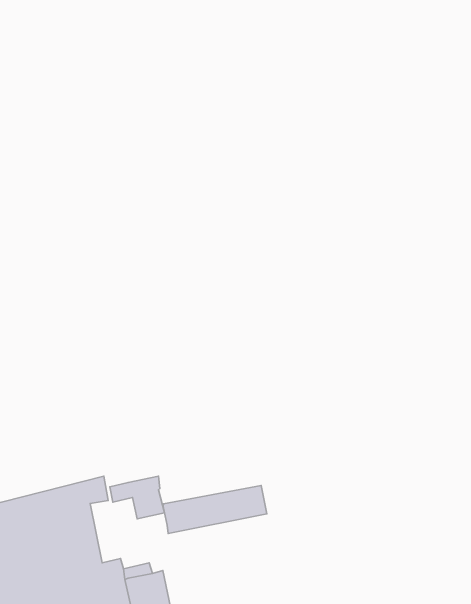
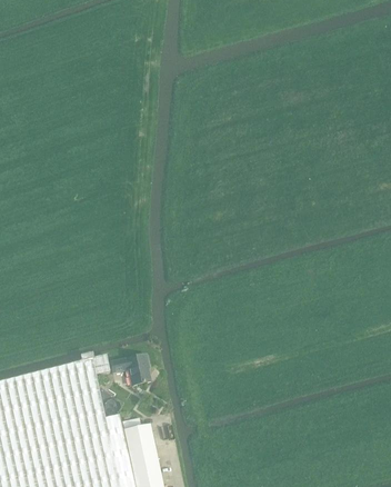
building: [163,486,267,534] -> none

